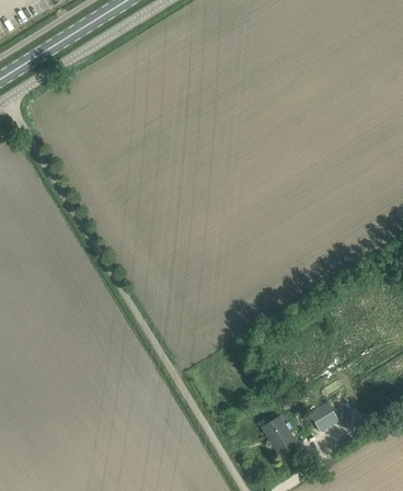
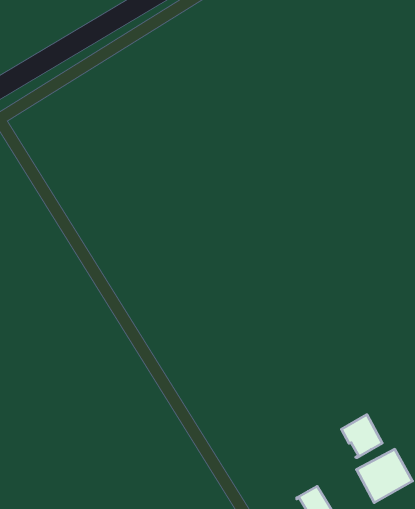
building: none -> [341,415,382,458]

